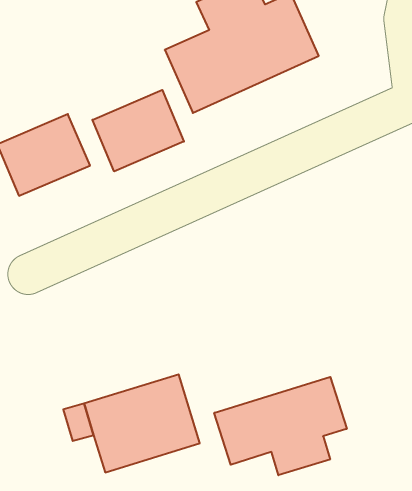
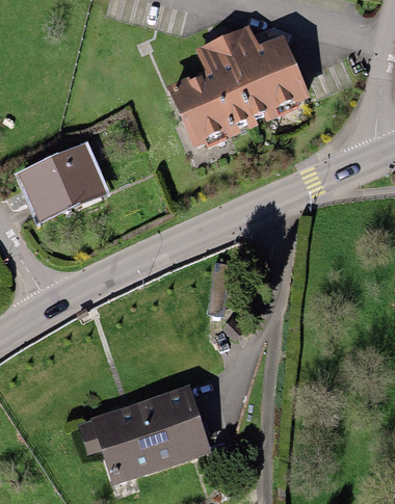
building: [92,90,184,171] -> none
building: [214,377,347,475] -> none

